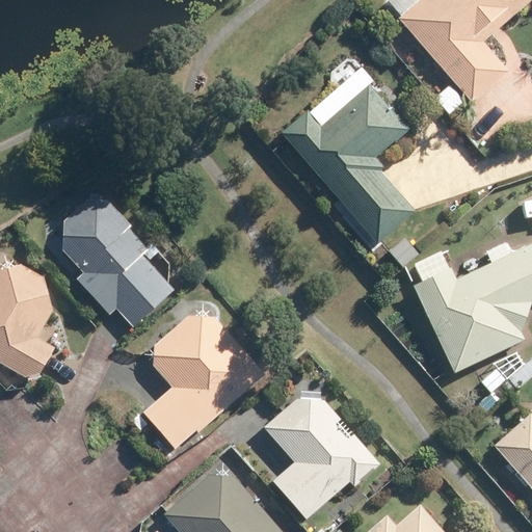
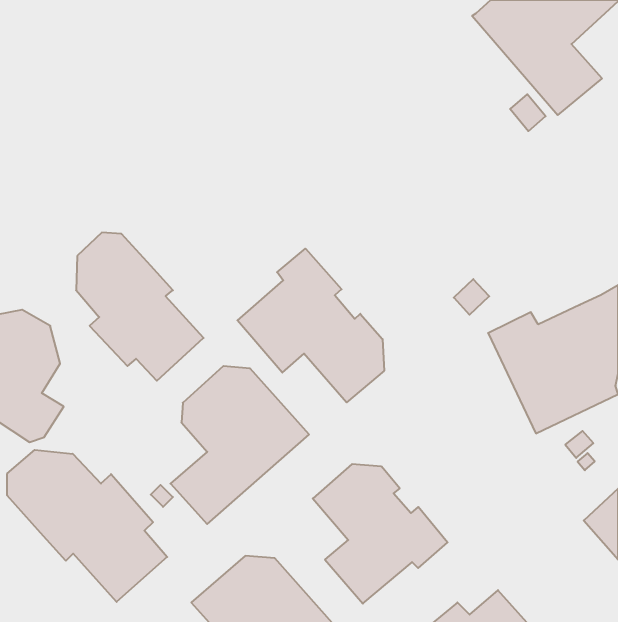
building: [282,83,414,242] -> none
building: none -> [237,249,384,402]
building: none -> [7,450,167,602]

